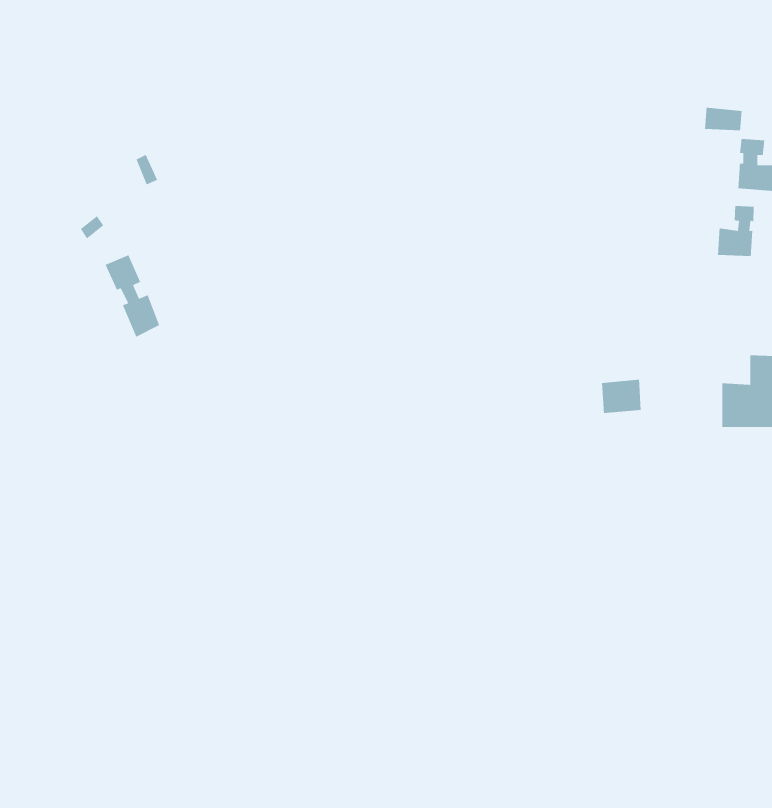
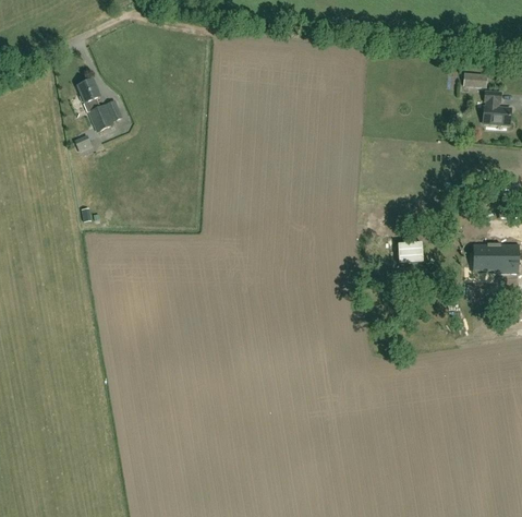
building: [717,205,755,257] -> none
building: [104,254,160,338] -> [78,80,113,132]

